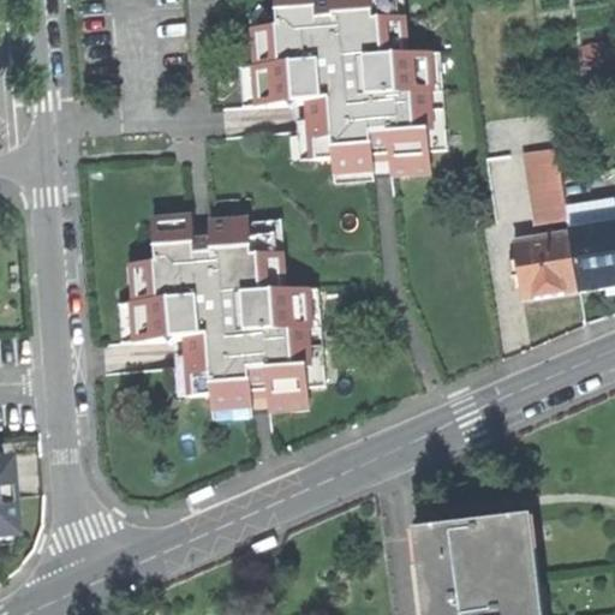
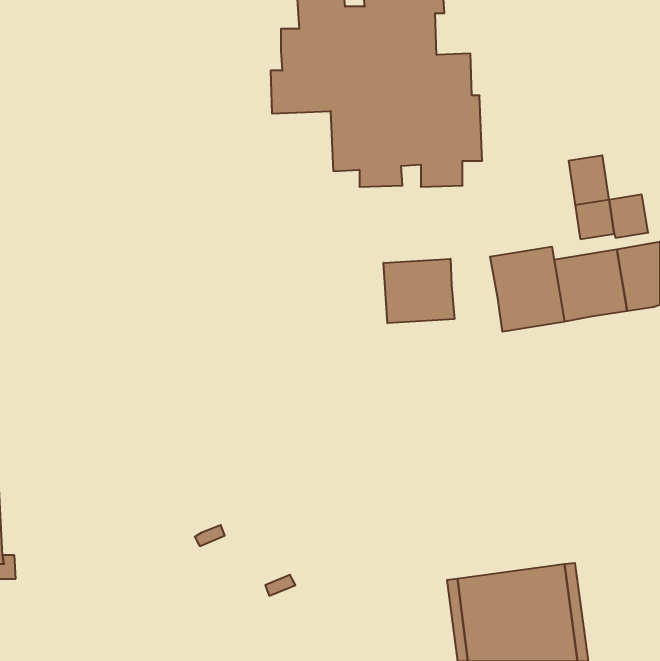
building: [125,217,320,412] -> none
building: none -> [490,247,564,332]
building: none -> [384,259,454,323]

